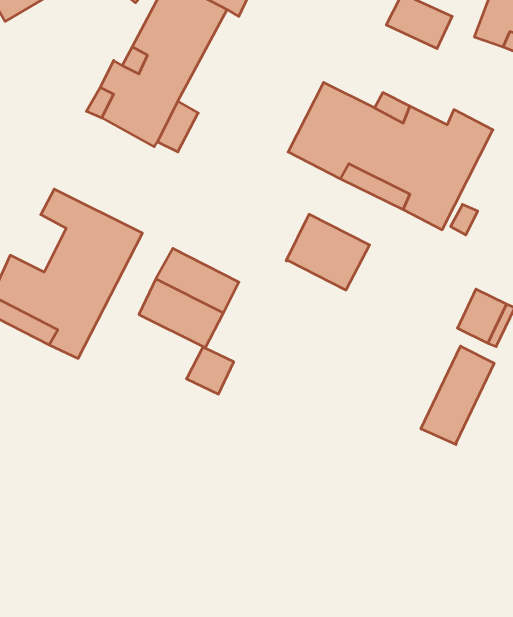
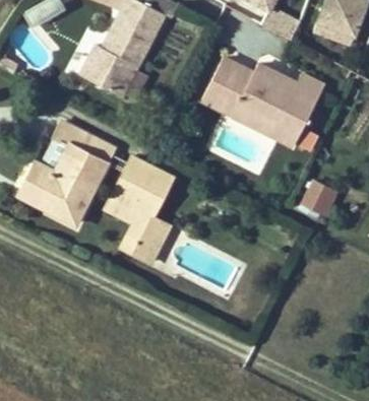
building: [286,214,370,290] -> none
building: none -> [106,198,150,254]
building: [421,346,494,445] -> none

